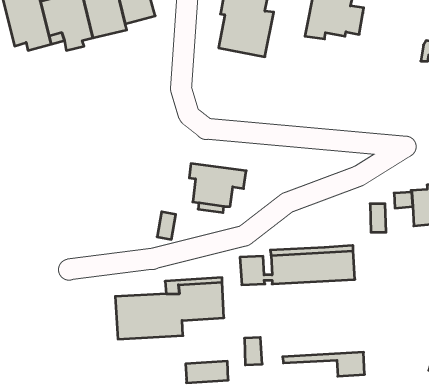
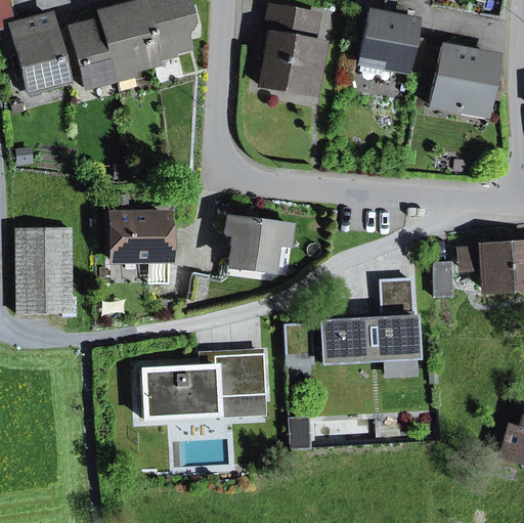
building: none -> [421,44,492,110]
building: none -> [112,214,168,284]
building: none -> [16,228,72,312]
building: none -> [380,278,413,313]
building: [283,352,365,376] -> [322,350,417,378]
building: [186,361,228,383] -> [218,394,267,419]

